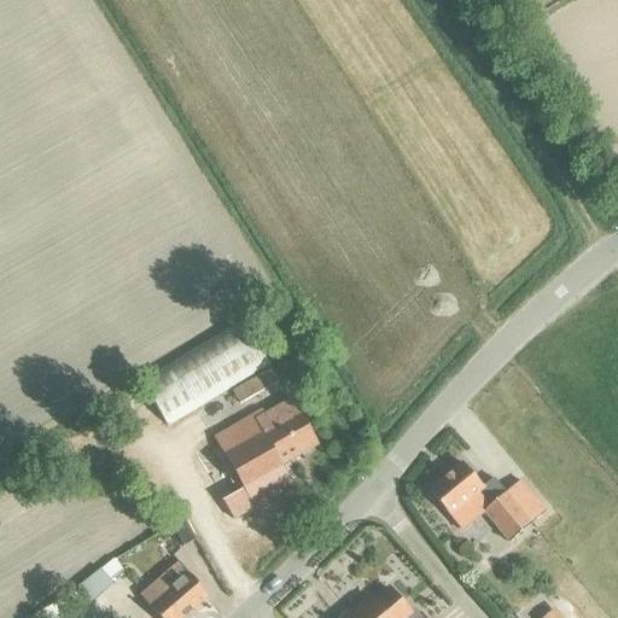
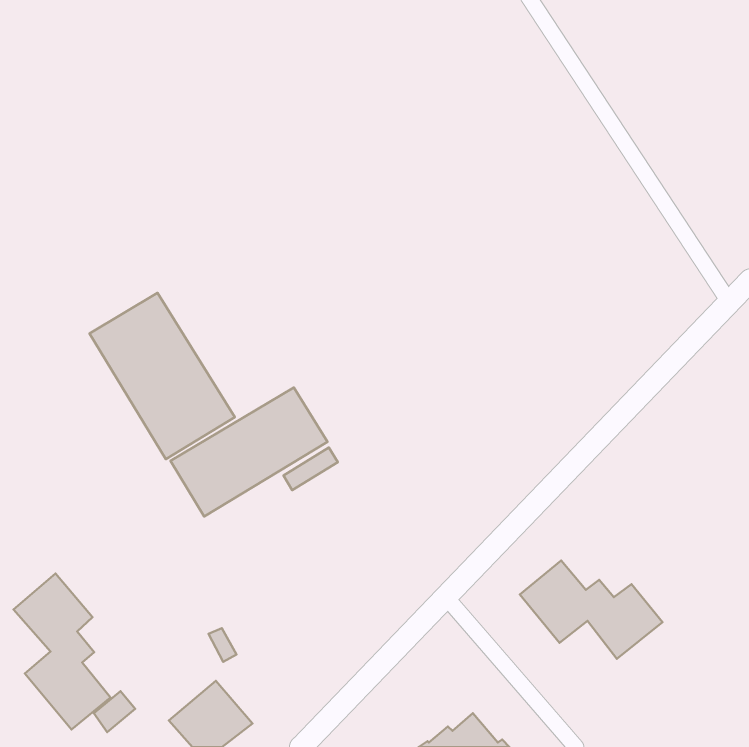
building: none -> [90,293,235,459]
building: [214,398,319,518] -> none
building: none -> [13,574,110,730]

